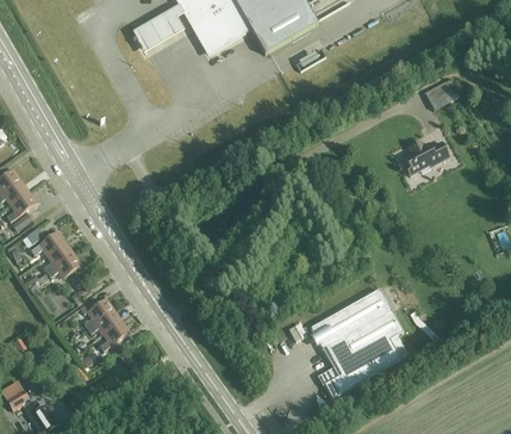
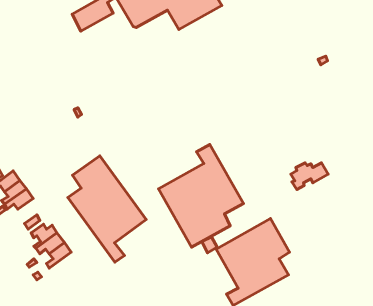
building: [403,141,449,174] -> [291,163,328,189]
building: none -> [159,144,244,247]
building: none -> [68,156,146,262]

